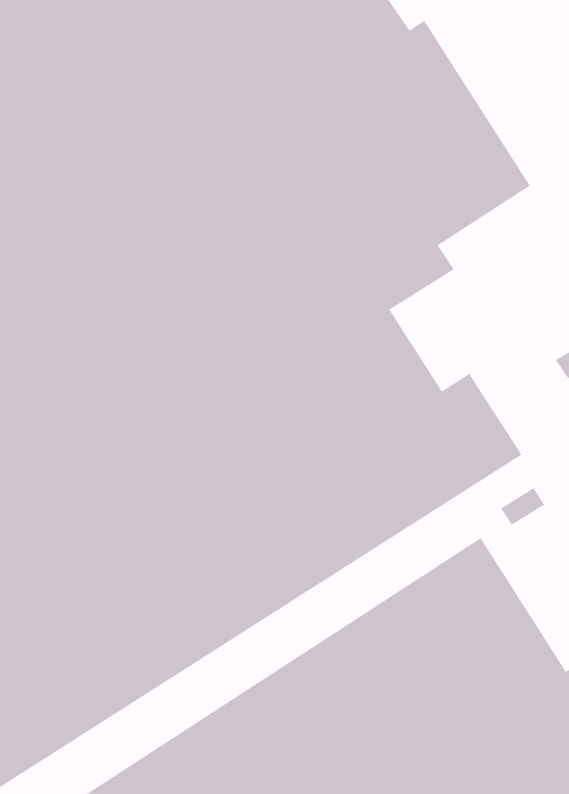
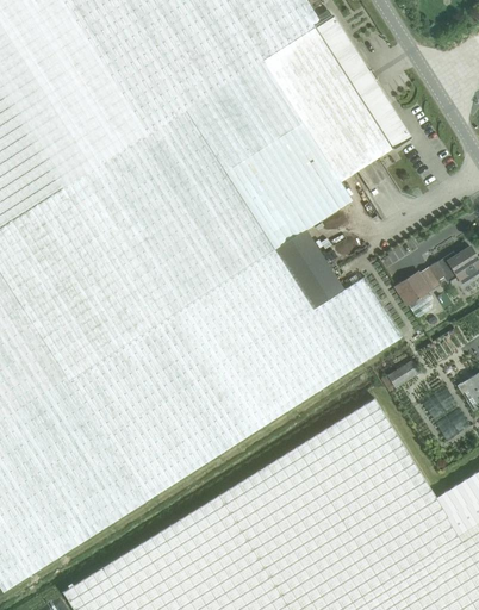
building: none -> [394,272,430,306]

